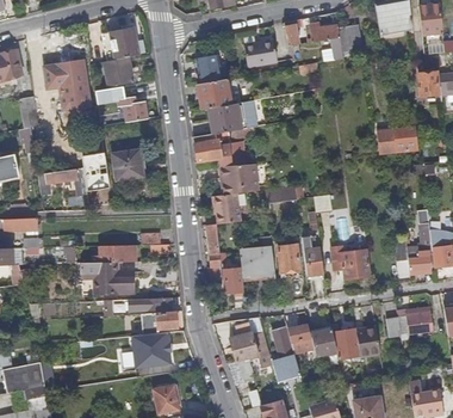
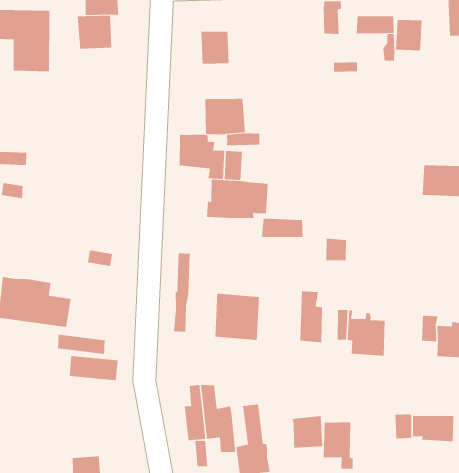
building: [243,39,277,66] -> none
building: [197,78,230,110] -> none
building: [95,86,149,122] -> none
building: [113,150,144,180] -> none
building: [215,192,246,223] -> none
building: [277,244,300,279] -> none
building: [91,245,135,263] -> none
building: [223,268,243,302] -> none
building: [286,324,314,352] -> none
building: [355,325,379,355] -> none
building: [136,339,170,376] -> none

